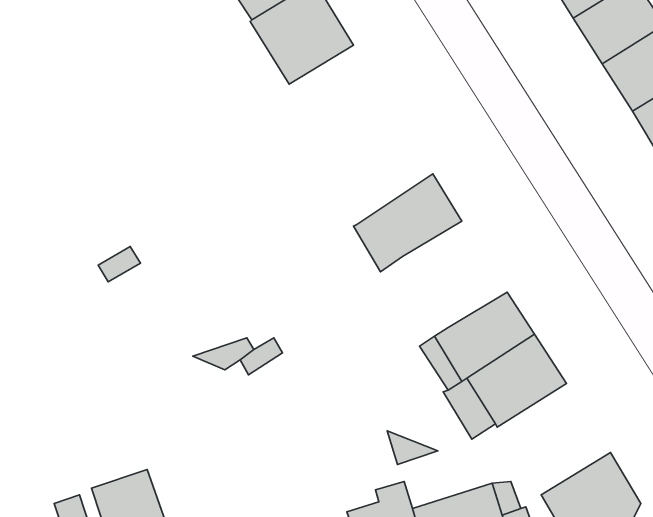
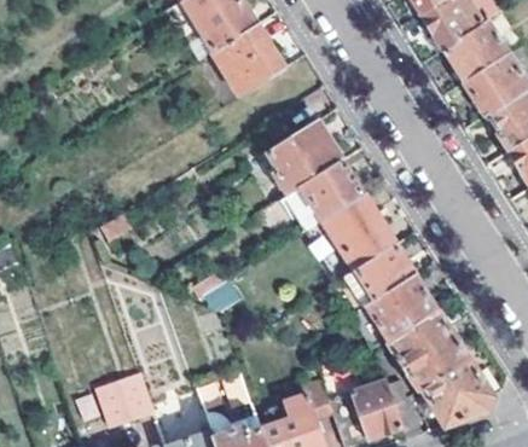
building: none -> [267,121,343,197]
building: none -> [321,195,396,271]
building: none -> [385,310,470,393]

